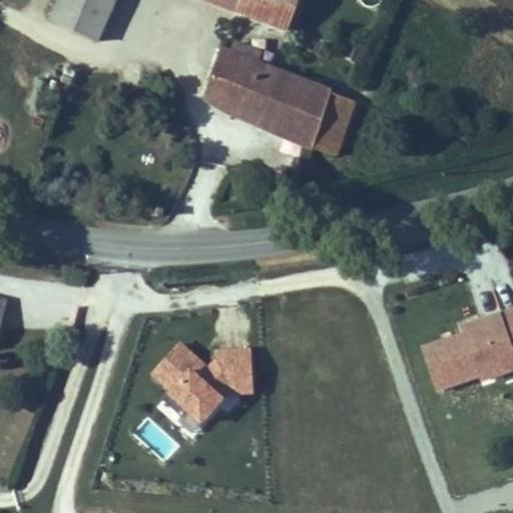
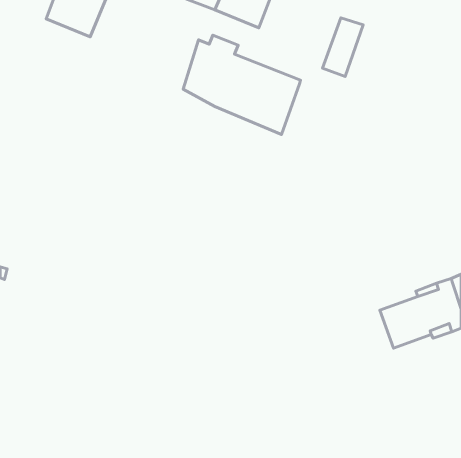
building: [313,93,358,158] -> [323,18,363,76]
building: [151,341,252,440] -> none

